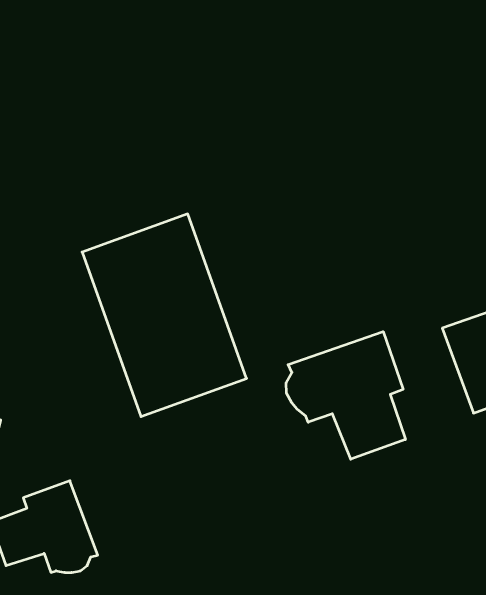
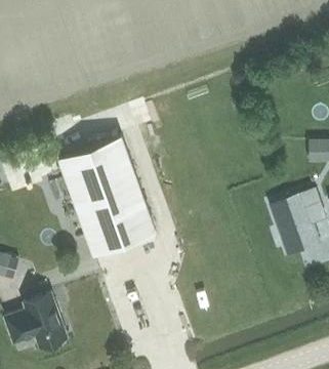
building: [286,332,405,459] -> none

